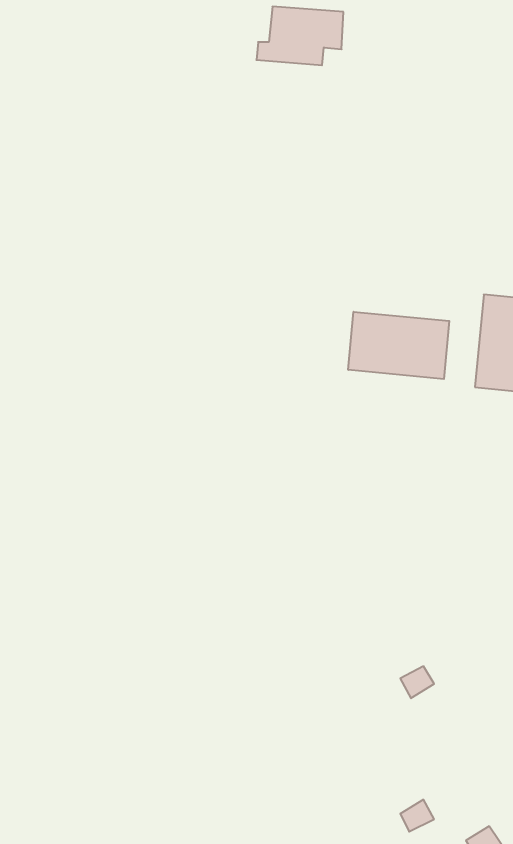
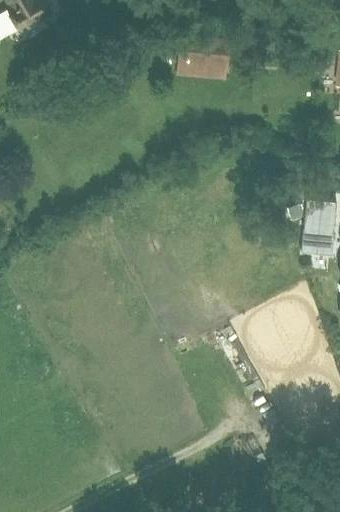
building: [348,312,449,379] -> none

